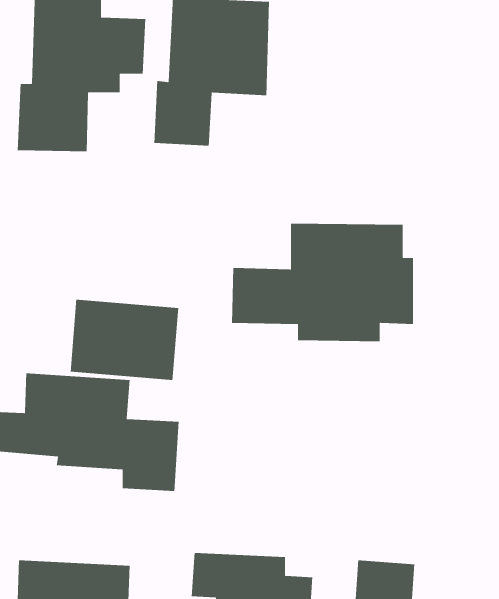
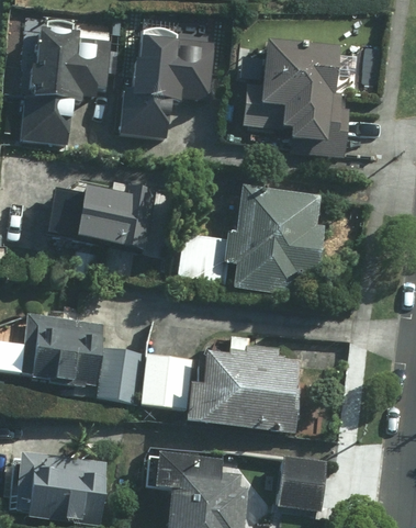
building: none -> [243,45,349,154]
building: [70,299,179,381] -> [52,187,135,249]
building: none -> [140,338,300,428]

